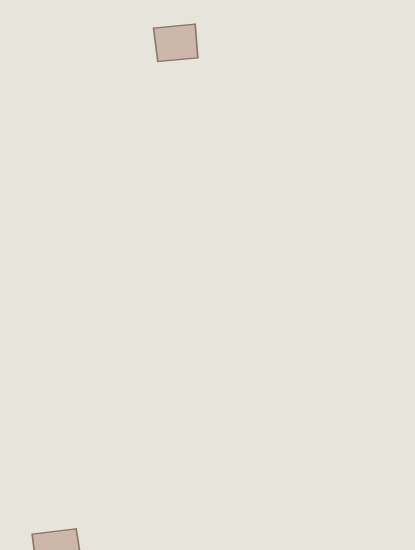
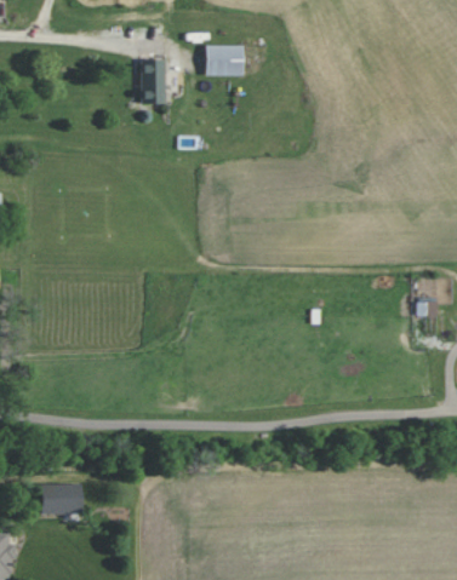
building: none -> [141,58,166,103]

